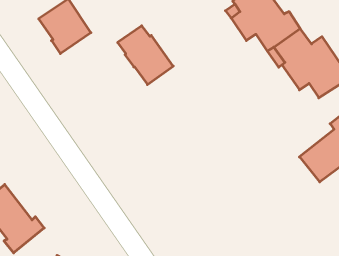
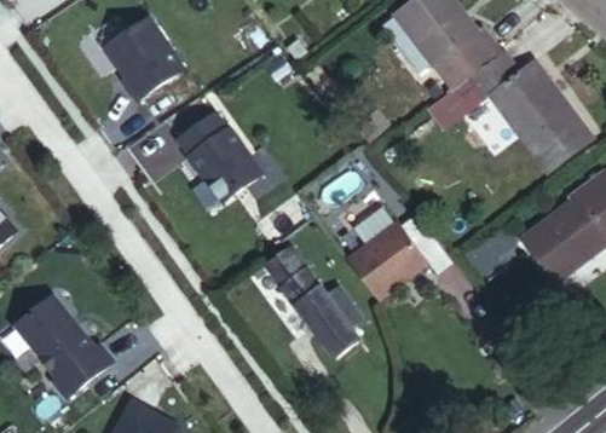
building: [118,26,173,85] -> [179,112,262,201]
building: none -> [347,225,427,304]
building: none -> [269,246,364,353]

